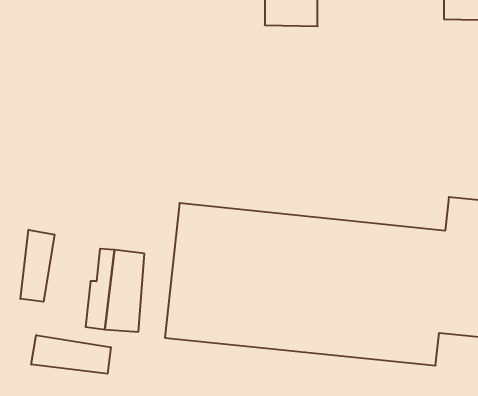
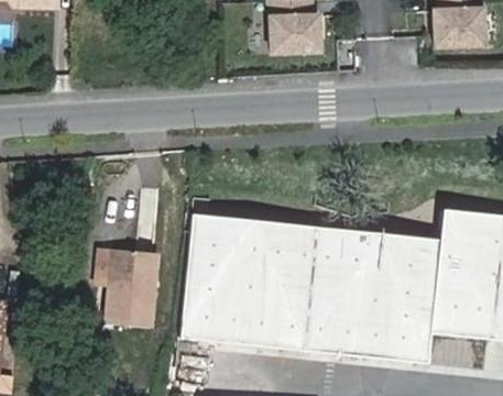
building: [20,230,54,302] -> none
building: [31,335,111,374] -> none

